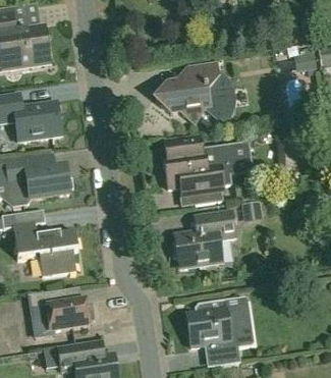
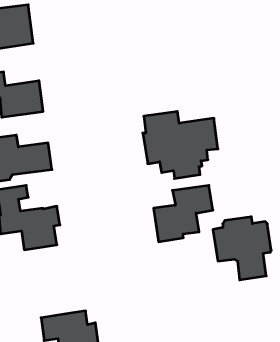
building: [155,61,227,120] -> none
building: [30,289,95,332] -> none
building: [185,300,245,365] -> [213,217,271,280]

